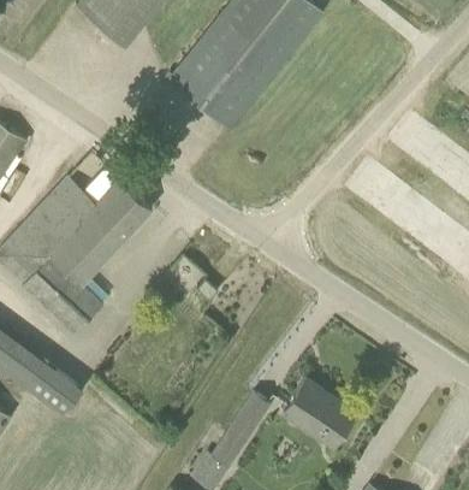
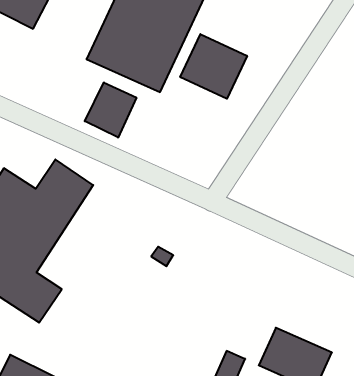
building: none -> [180,34,247,99]
building: none -> [85,82,136,138]

